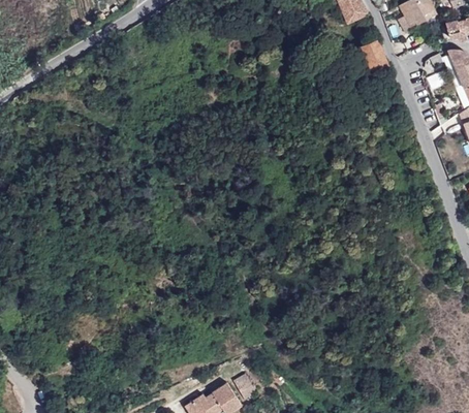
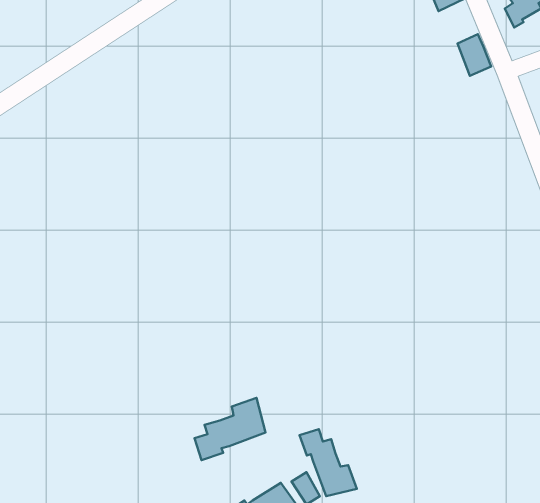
building: none -> [195,398,266,460]
building: none -> [300,429,357,496]

